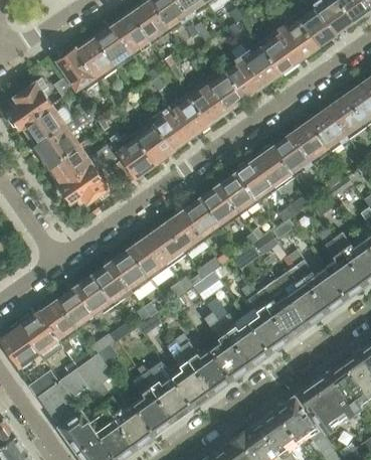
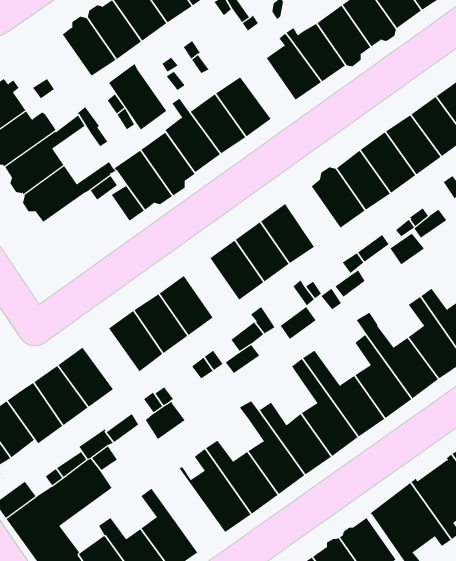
building: [56,46,99,95] -> [108,63,167,131]
building: [205,67,244,111] -> none
building: [237,159,276,202] -> none
building: [60,164,110,203] -> none
building: [165,210,204,253] -> none
building: [92,261,133,304] -> none
building: [142,360,194,421] -> none

